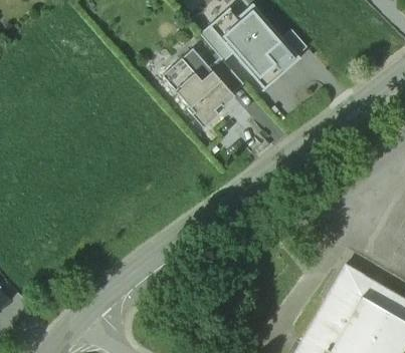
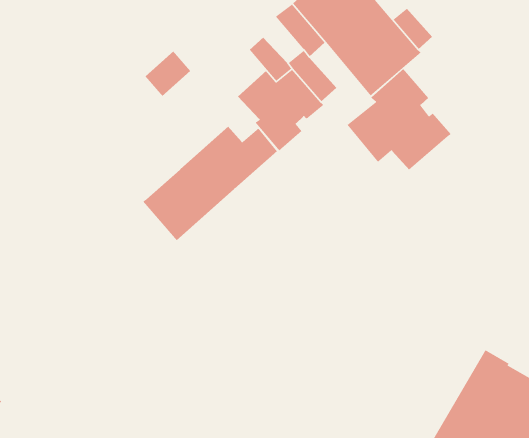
building: [161,58,193,90] -> [145,51,191,97]
building: none -> [346,68,452,171]
building: none -> [142,126,278,241]

